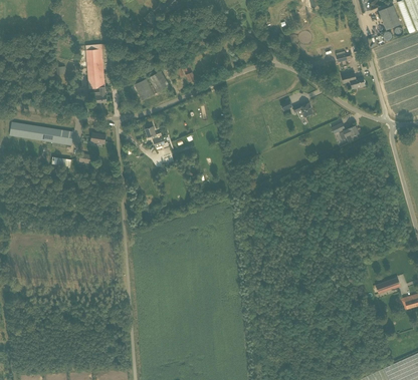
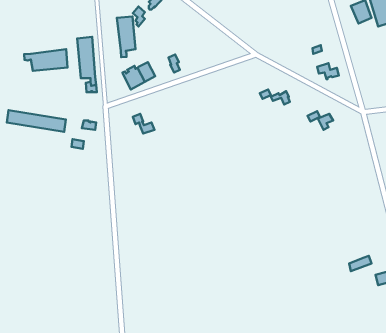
building: none -> [117,17,136,57]
building: none -> [24,49,67,71]

